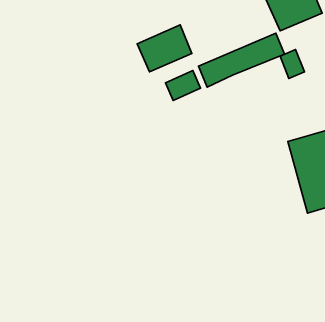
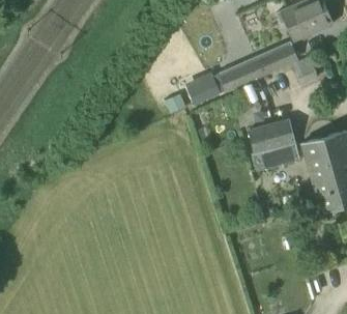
building: [137,25,192,72] -> none
building: none -> [248,120,299,164]

